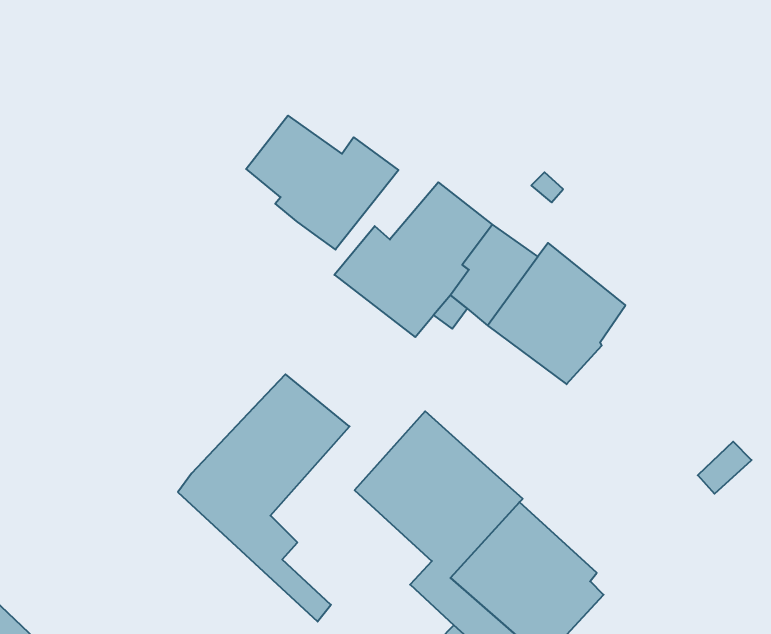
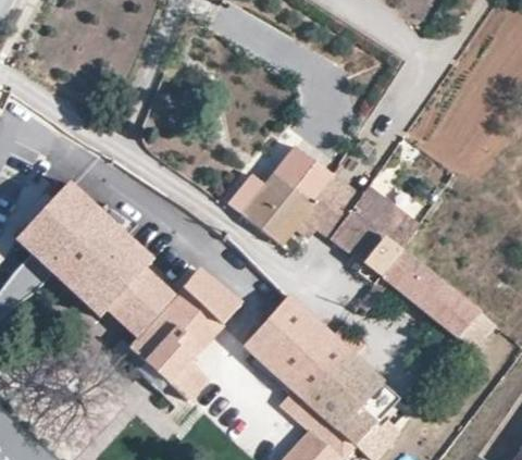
building: [246,116,398,250] -> none
building: none -> [21,181,177,334]
building: none -> [357,251,480,337]

